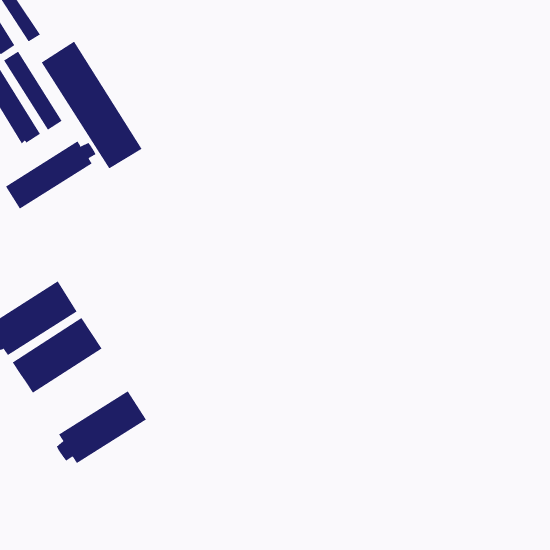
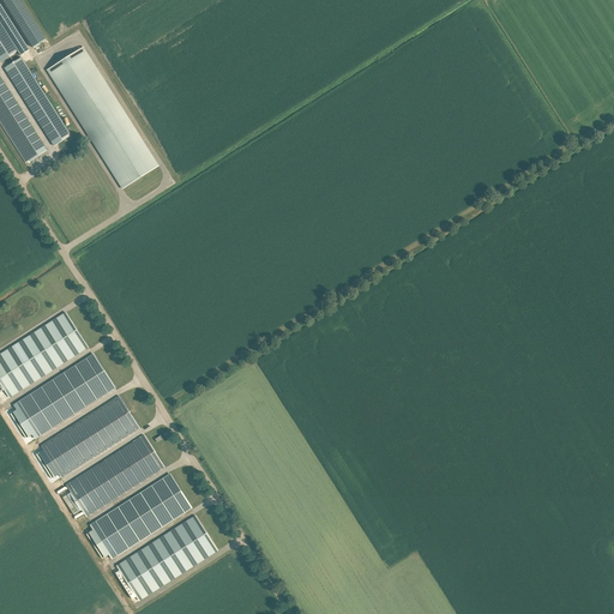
building: [5,140,96,210] -> none
building: none -> [40,395,138,476]
building: none -> [85,472,192,559]
building: none -> [114,514,216,600]

